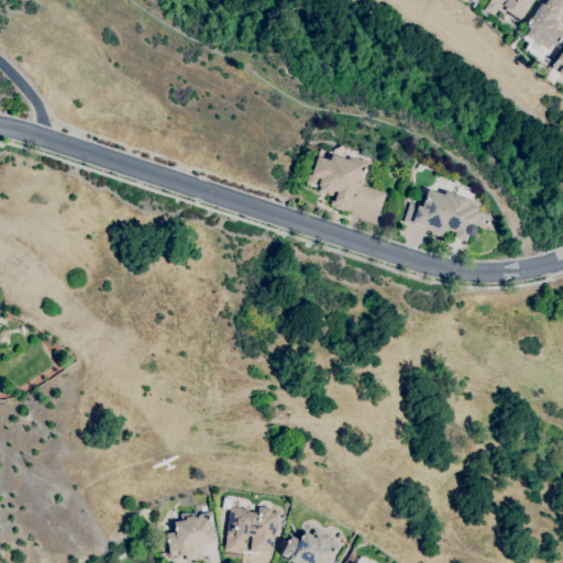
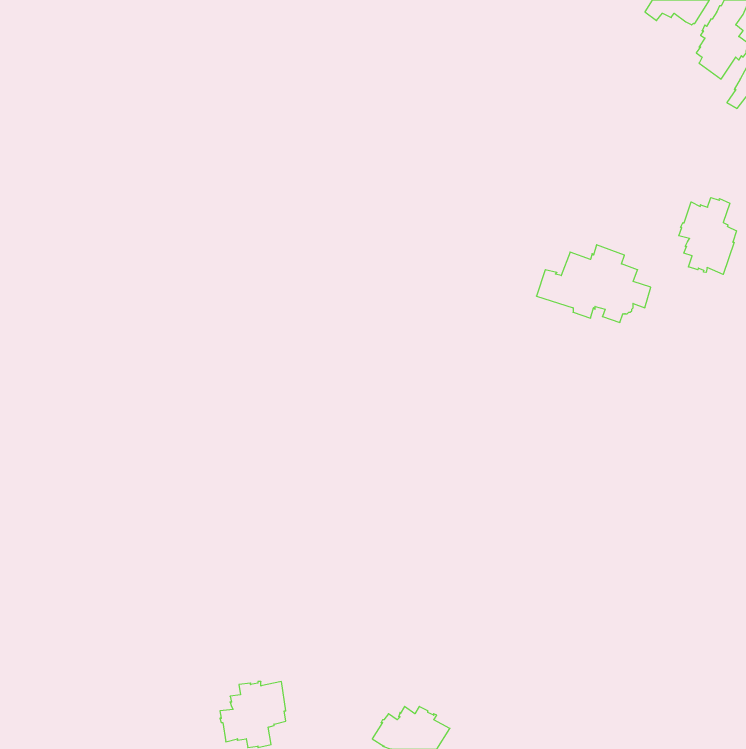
building: none -> [679,198,736,274]
building: [307,154,387,211] -> none
building: [224,498,279,553] -> none

